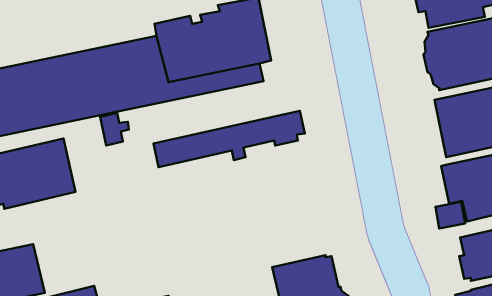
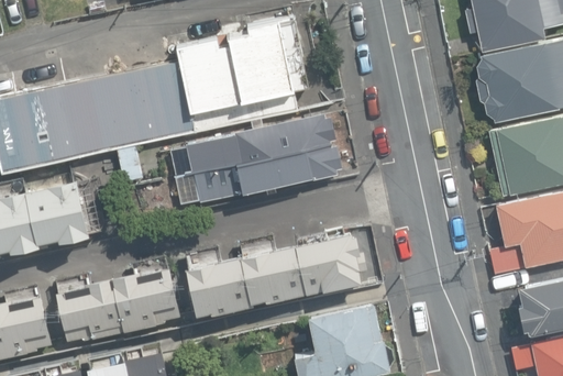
building: none -> [169,114,335,178]
building: none -> [185,229,368,317]
building: none -> [56,265,181,344]

